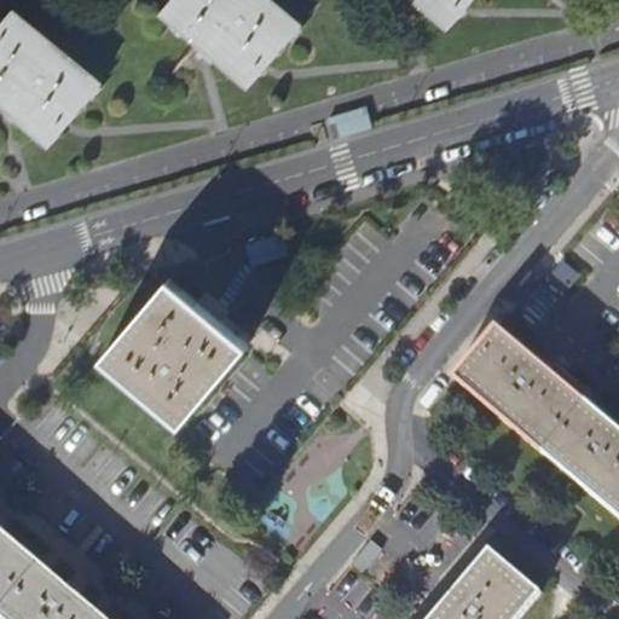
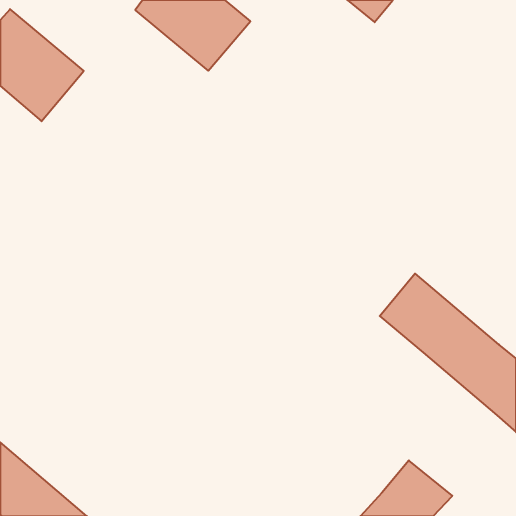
building: [103,279,248,424] -> none

